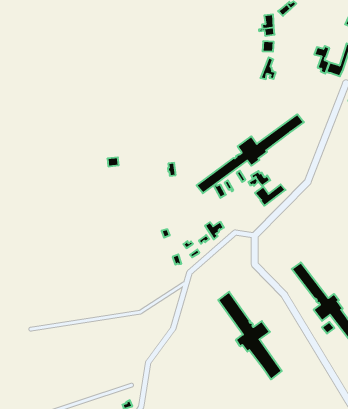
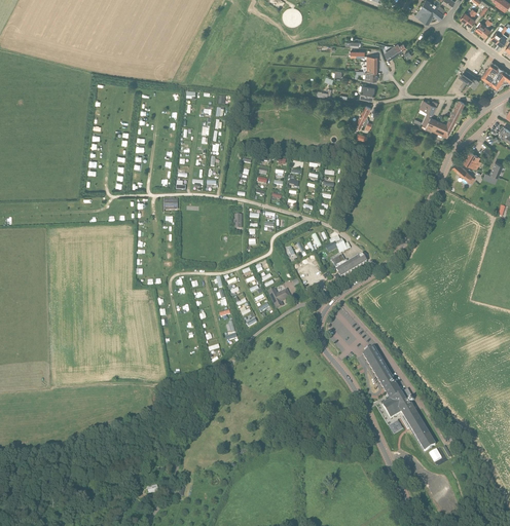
building: [197,114,304,193] -> none
building: [218,292,282,379] -> none

